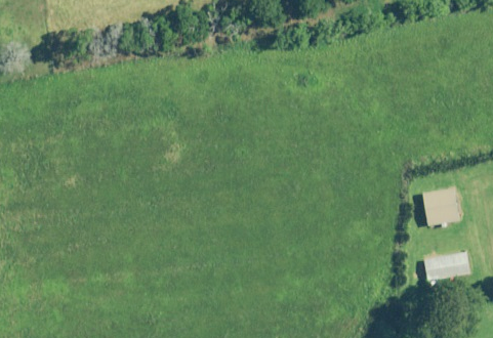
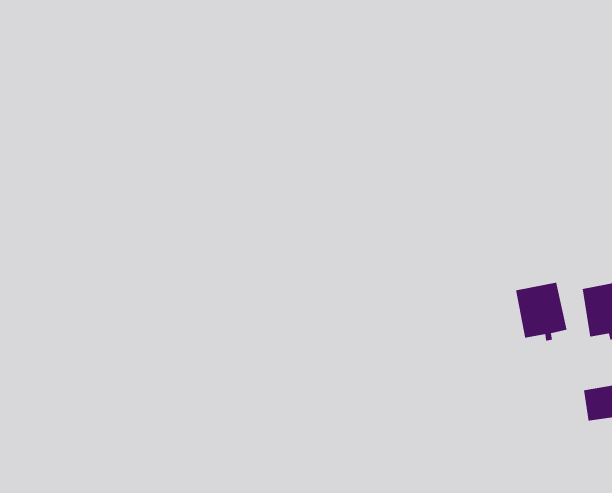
building: none -> [515,282,567,341]

